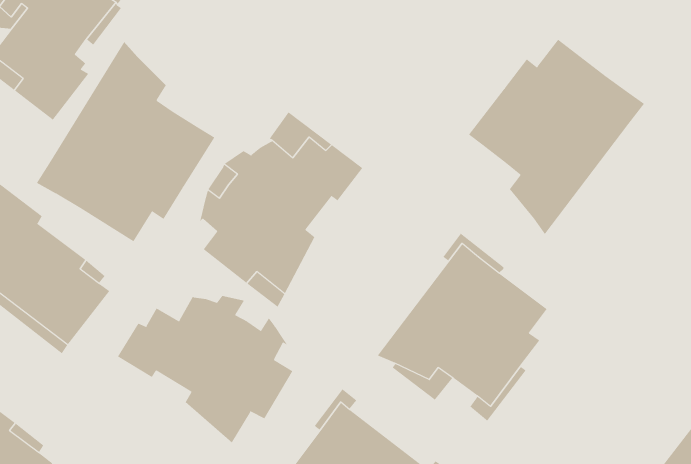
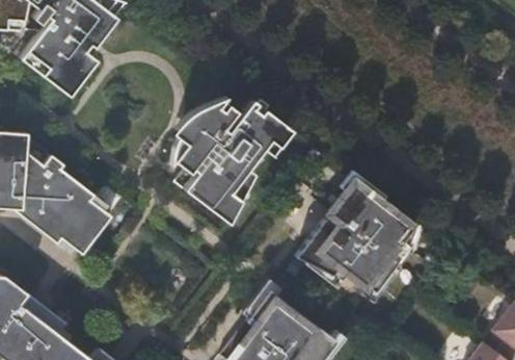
building: [468,39,645,235] -> none
building: [36,41,215,242] -> none
building: [117,295,293,444] -> none

